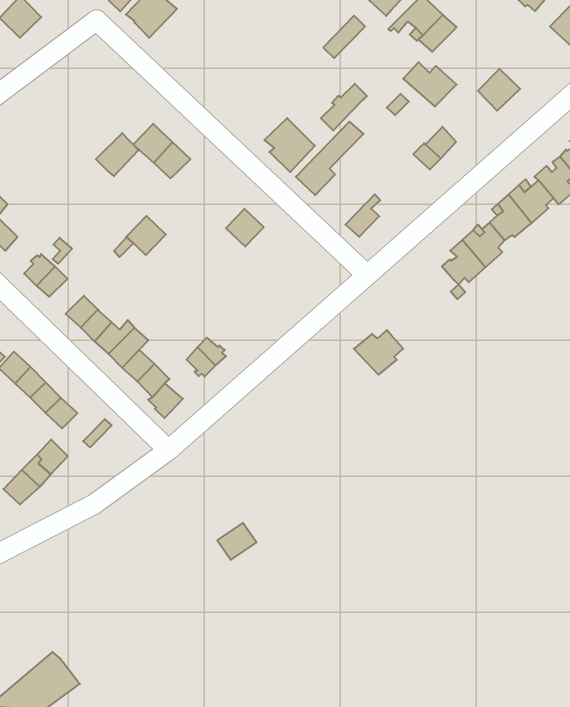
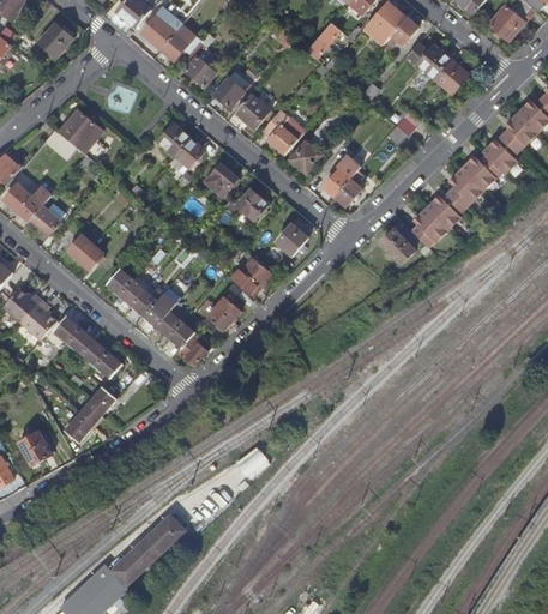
building: none -> [162,24,197,61]
building: none -> [181,43,217,86]
building: [403,62,457,107] -> [408,43,452,79]
building: none -> [213,76,245,108]
building: [321,84,367,131] -> [321,156,359,195]
building: none -> [234,94,270,128]
building: [96,133,139,176] -> [59,110,94,146]
building: [126,216,166,255] -> [203,162,235,194]
building: none -> [273,222,307,255]
building: none -> [229,258,272,295]
building: [354,330,403,375] -> [384,222,424,259]
building: none -> [116,511,192,584]

